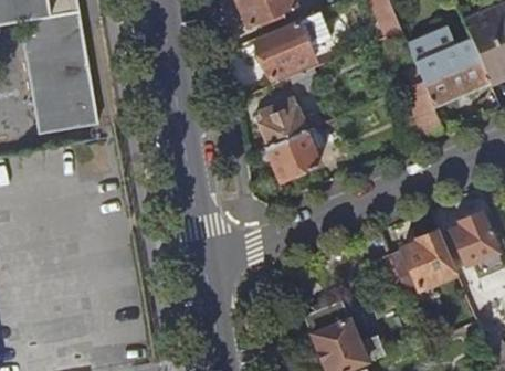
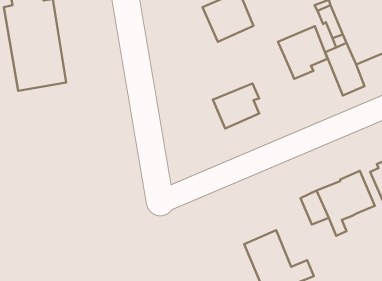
building: none -> [278,26,328,79]
building: [259,100,306,146] -> none

